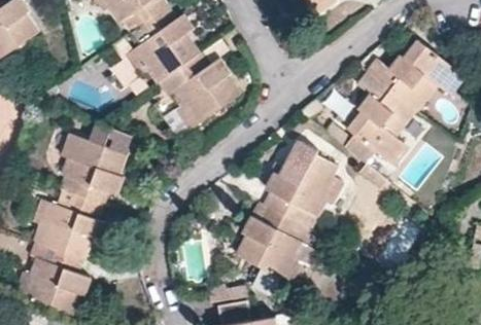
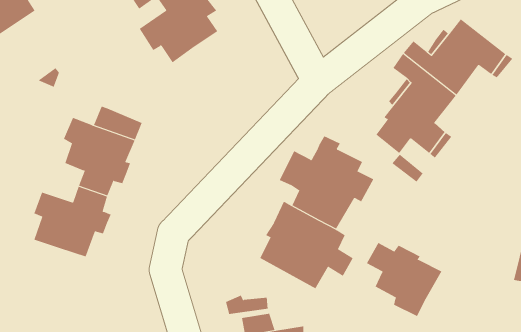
building: [175,52,240,127] -> none
building: none -> [366,242,442,317]
building: [16,247,89,312] -> none

